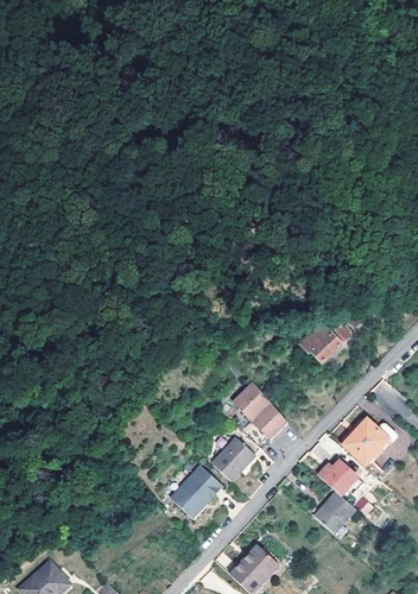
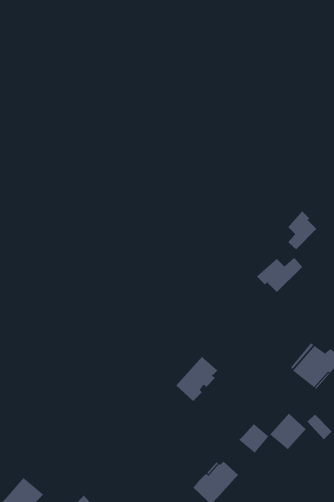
building: none -> [287,210,317,250]
building: [234,381,287,438] -> none
building: [323,461,356,494] -> [239,423,269,454]
building: [172,465,224,518] -> none

